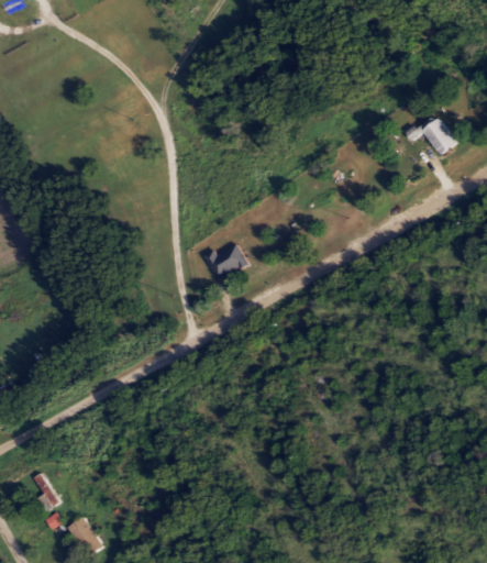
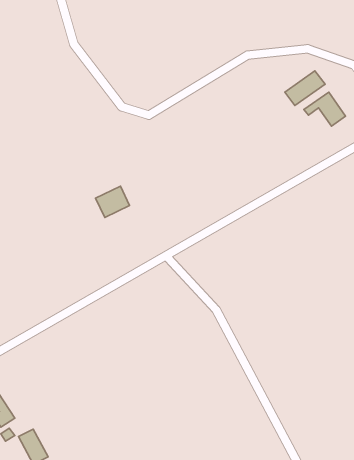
building: none -> [285,71,325,105]
building: [204,240,245,277] -> [95,186,130,217]

